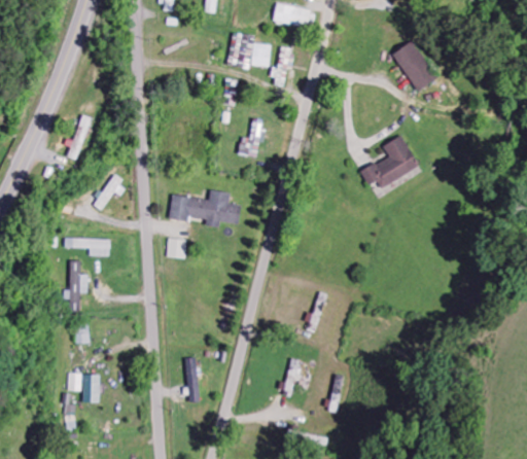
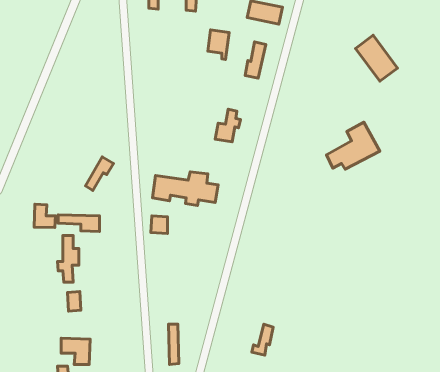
building: [251,42,271,67] -> none
building: [64,114,92,161] -> none
building: none -> [34,204,55,228]

